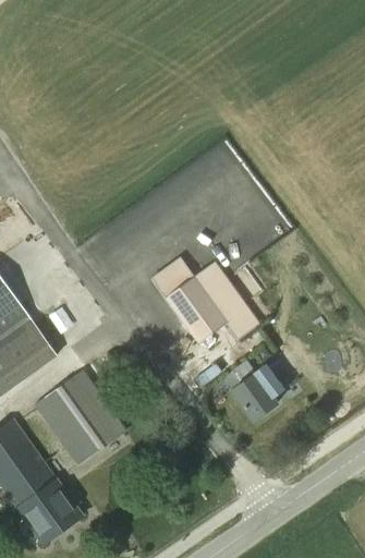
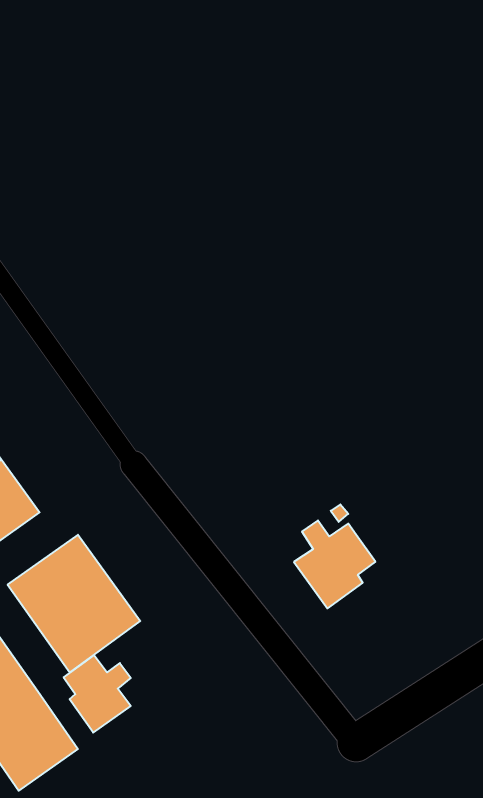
building: [151,258,260,342] -> none
building: none -> [64,655,131,733]

